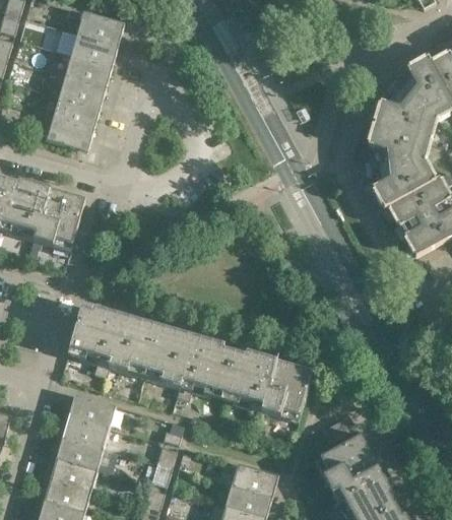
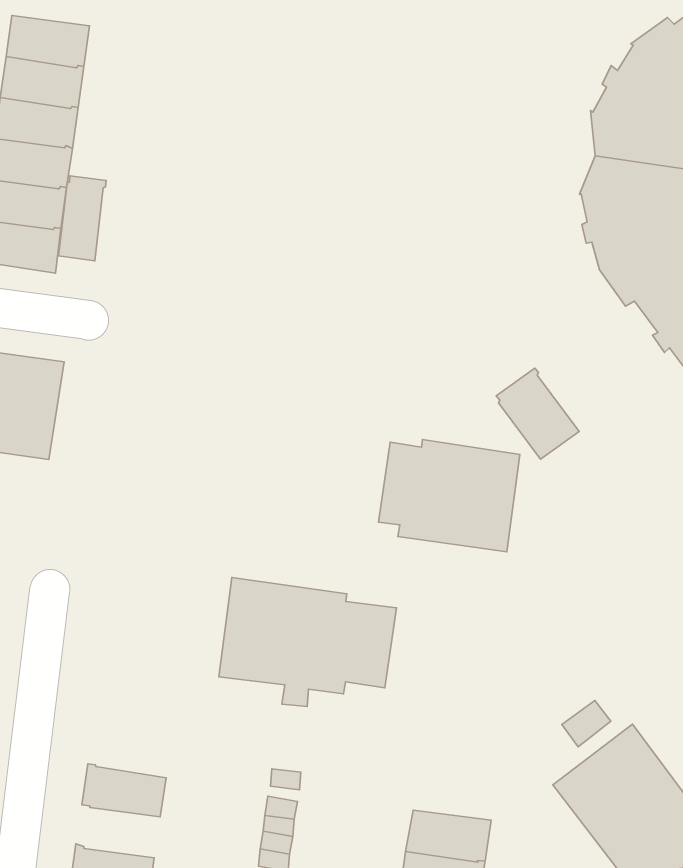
building: none -> [59,176,106,261]
building: none -> [496,368,579,459]
building: [69,306,158,376] -> none
building: [232,352,312,419] -> [378,439,520,552]
building: [68,391,116,426] -> none
building: [56,434,103,467] -> none

